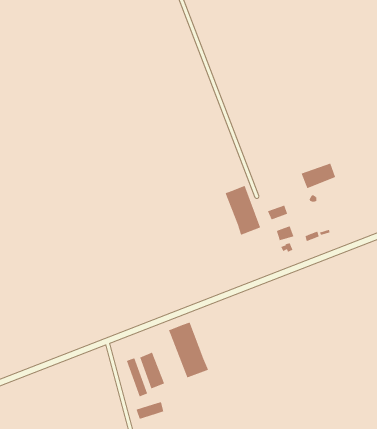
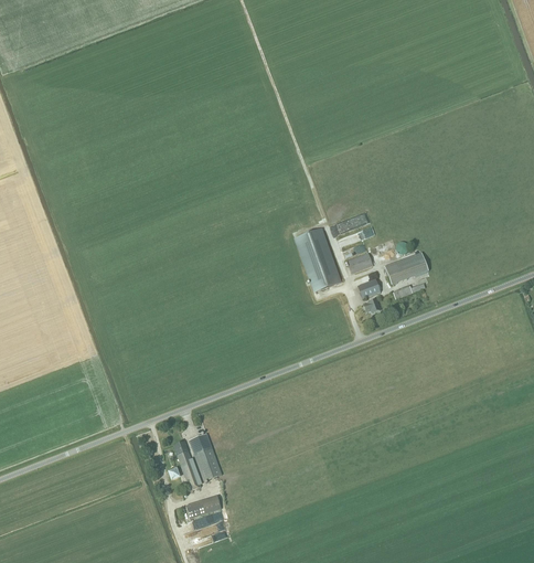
building: [300,162,336,189] -> [384,252,428,285]
building: [168,321,209,379] -> none

